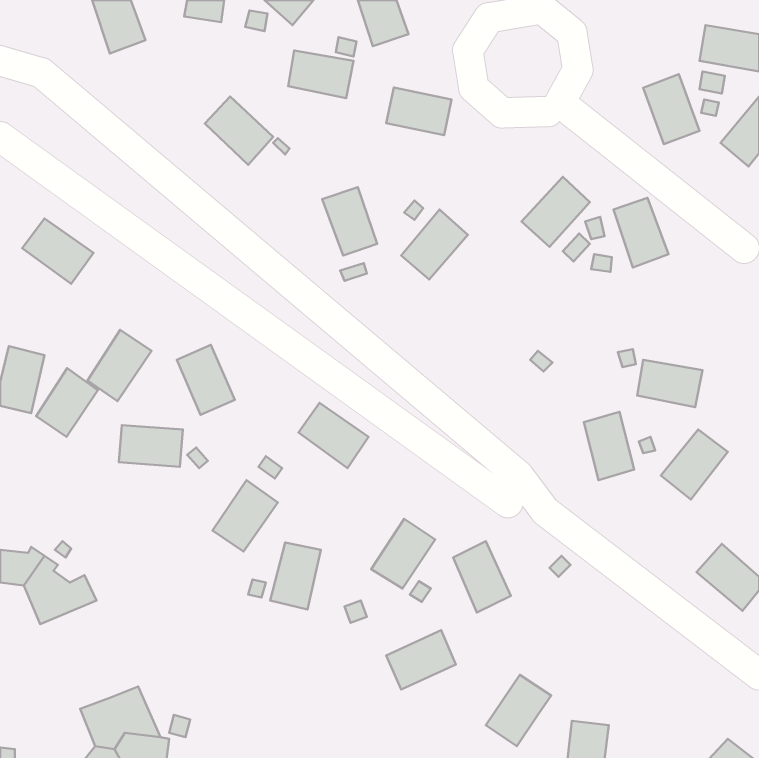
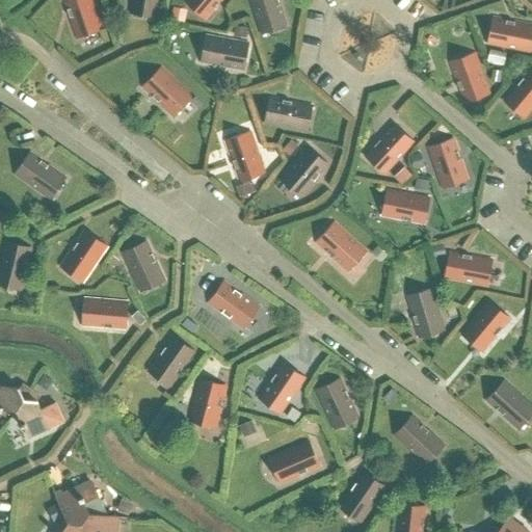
building: [386,88,452,135] -> [265,98,311,131]
building: none -> [382,190,429,223]
building: none -> [317,223,366,270]
building: [36,368,98,437] -> none
building: none -> [395,417,444,464]

